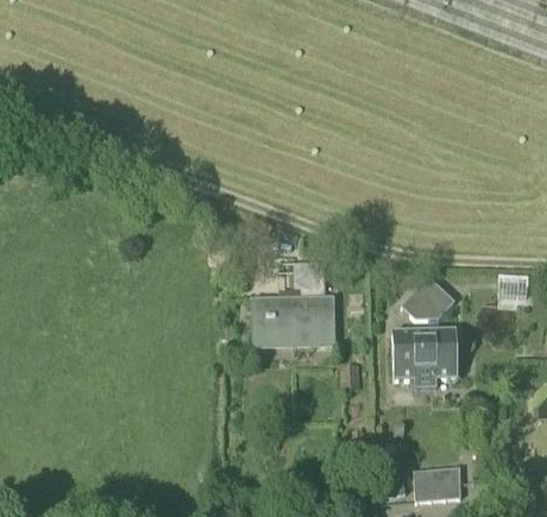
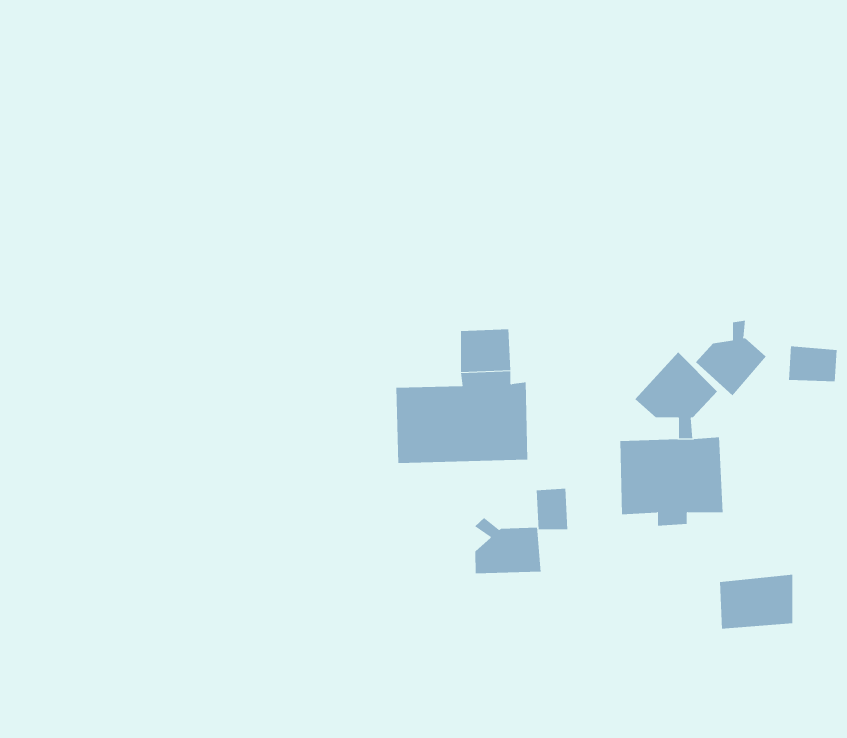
building: none -> [695,320,766,396]
building: none -> [474,517,541,574]
building: [414,464,460,498] -> [719,574,793,629]

